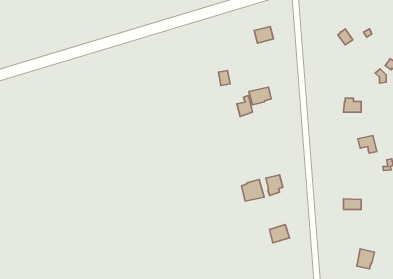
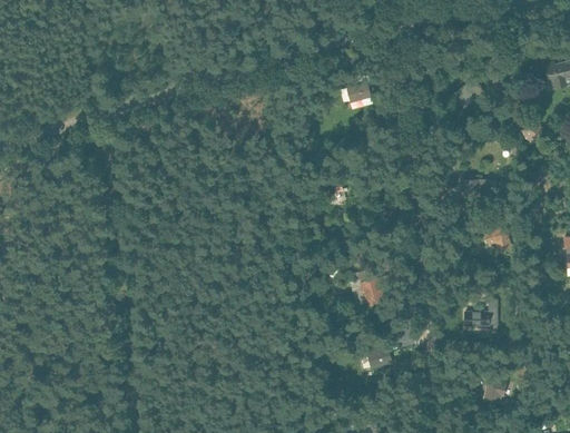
building: [249,87,271,105] -> none
building: [241,179,264,201] -> none

